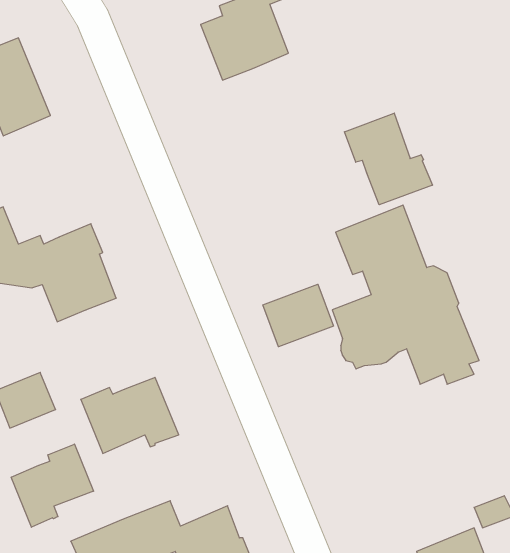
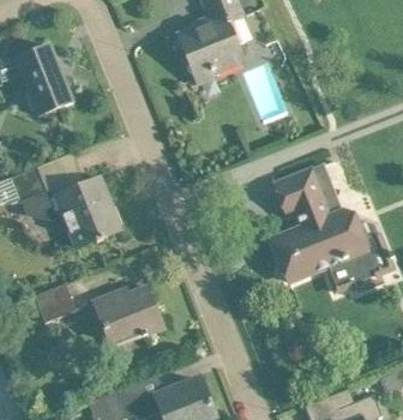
building: [344,113,432,205] -> none
building: [263,284,333,347] -> none
building: [11,444,94,527] -> none

